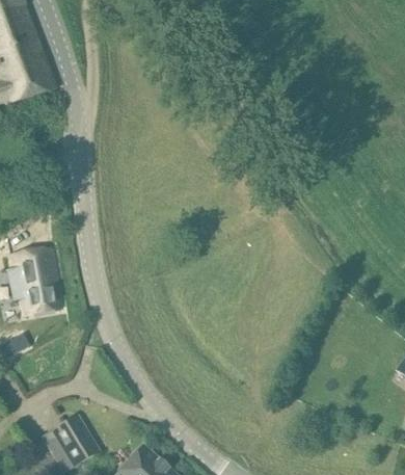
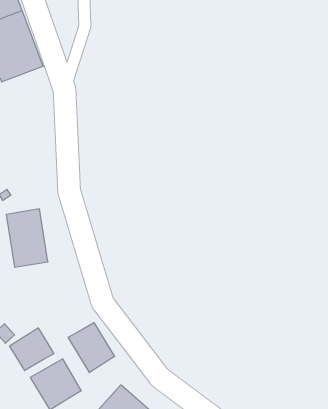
building: none -> [68,323,115,373]
building: none -> [10,328,54,371]

